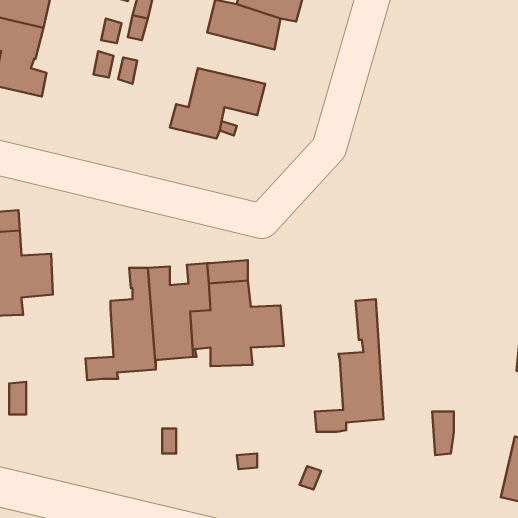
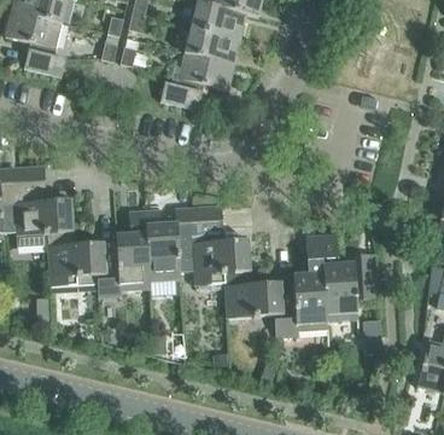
building: none -> [182,27,241,66]
building: none -> [46,230,117,286]
building: none -> [320,232,378,326]
building: none -> [223,269,294,320]

